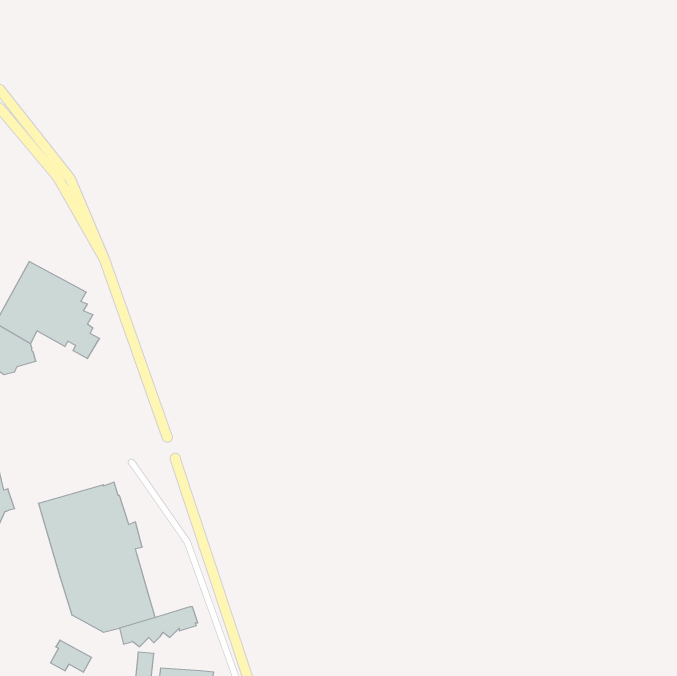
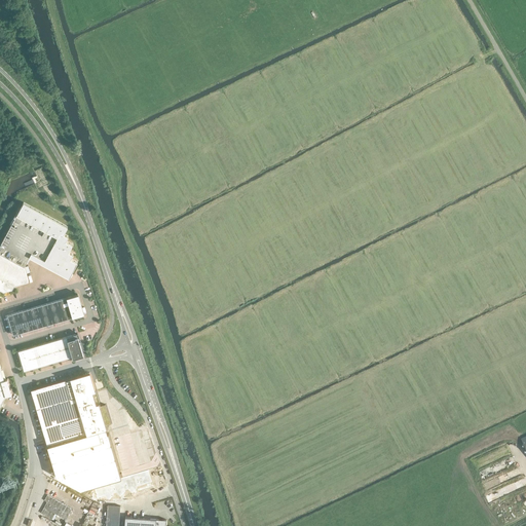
building: none -> [6,296,82,336]
building: none -> [17,335,83,372]

